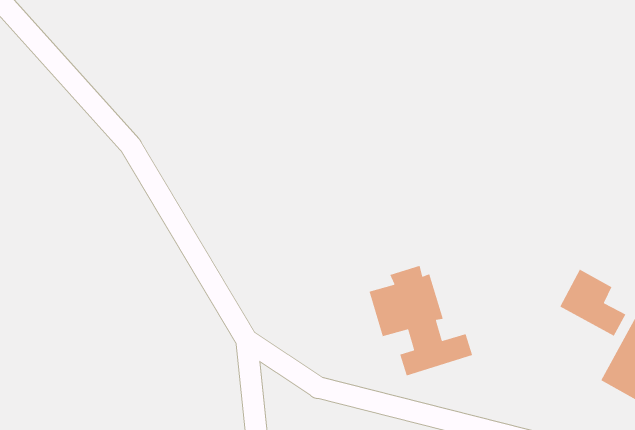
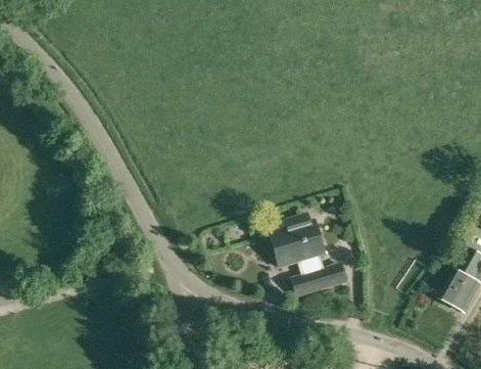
building: [559,269,626,337] -> none

